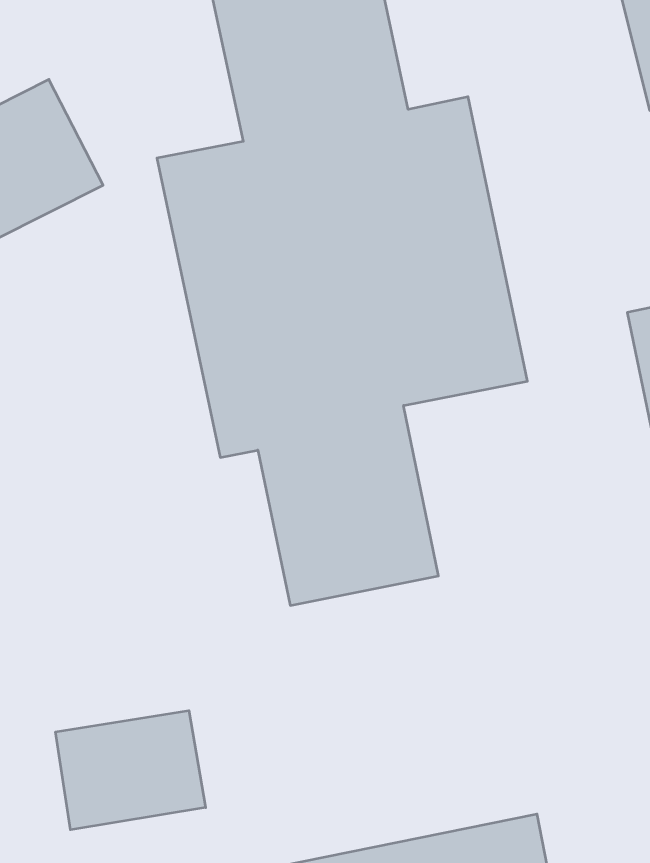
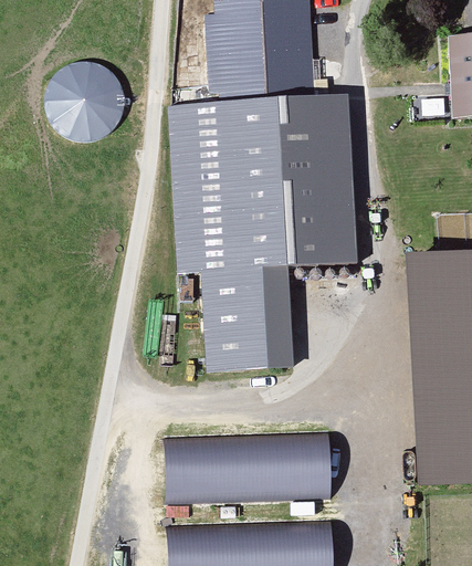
building: none -> [157,433,325,503]
building: [56,711,206,830] -> none

